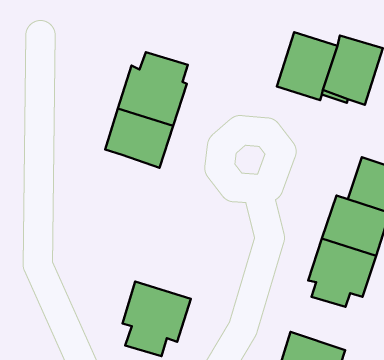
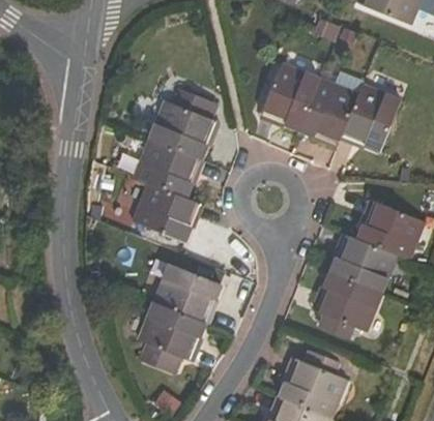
building: none -> [261,59,319,128]
building: none -> [135,182,199,241]
building: none -> [154,262,221,321]

